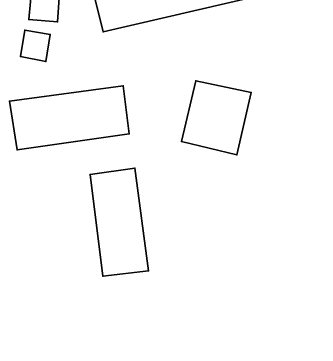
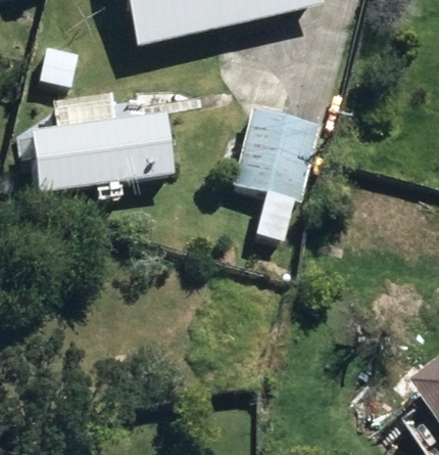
building: [90,168,149,276] -> none

